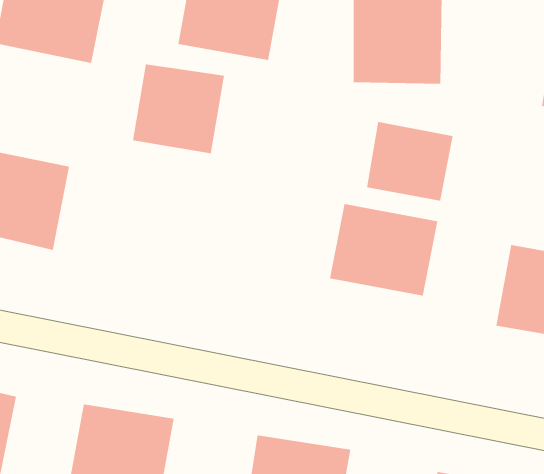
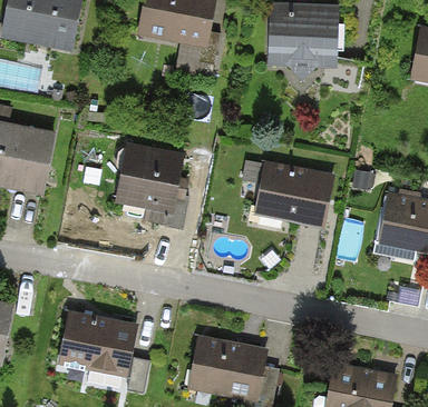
building: [132,64,225,154] -> [116,145,186,212]
building: [366,121,453,201] -> none

